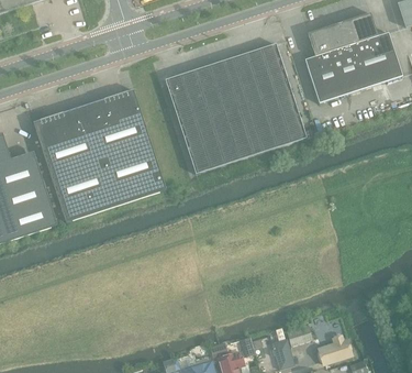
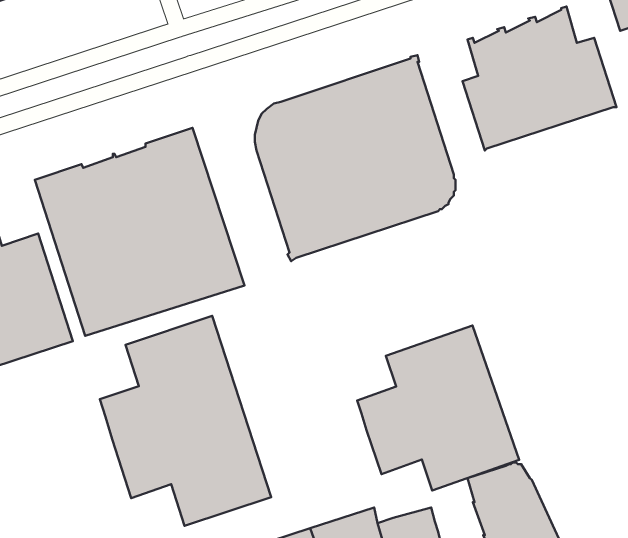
building: none -> [100,316,271,526]
building: none -> [357,325,519,490]

